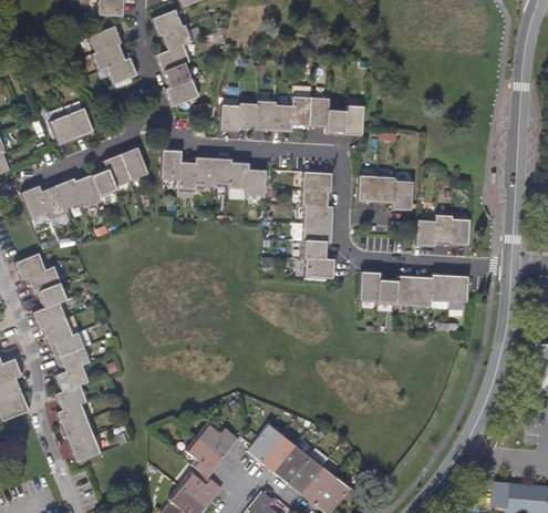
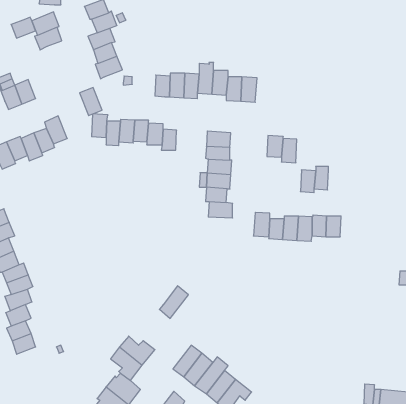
building: [106,59,136,84] -> [11,17,36,38]
building: [220,99,240,132] -> none
building: [120,146,147,181] -> [80,88,102,116]
building: [358,176,376,203] -> none
building: [449,219,468,245] -> none
building: [247,423,282,463] -> [159,286,188,318]
building: [69,437,99,462] -> none

